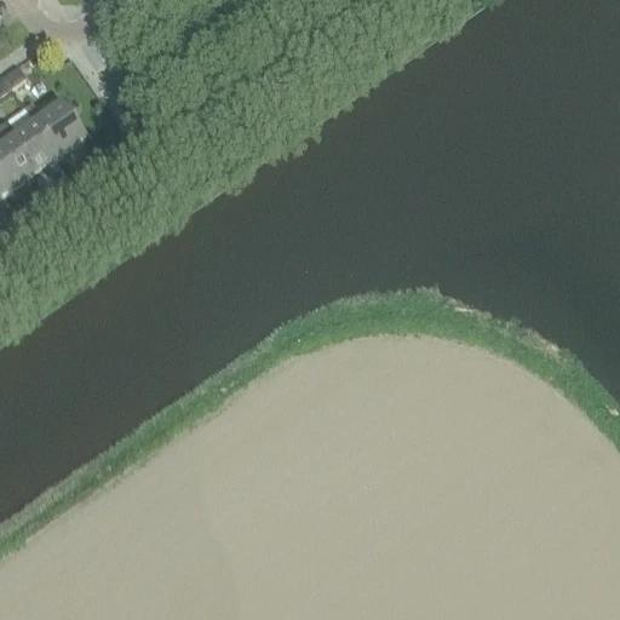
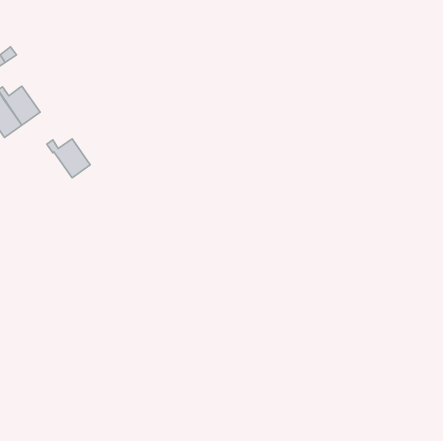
building: [21,102,81,156] -> [47,139,90,178]

